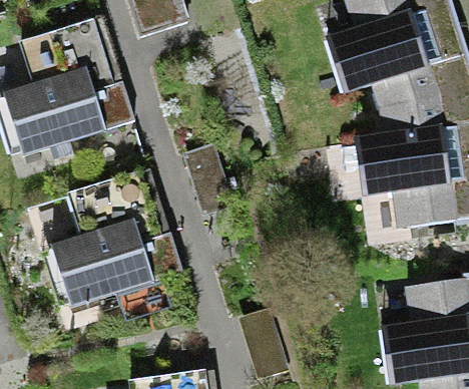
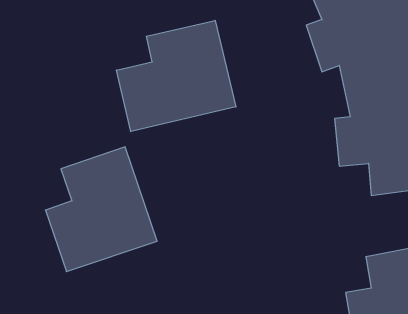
building: [7,19,126,154] -> none
building: none -> [117,20,236,132]

